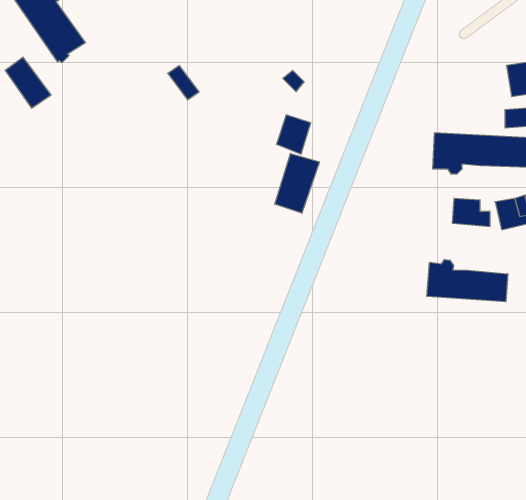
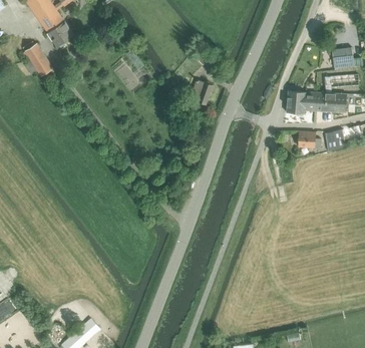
building: [275,153,319,213] -> none
building: [427,259,508,302] -> none

